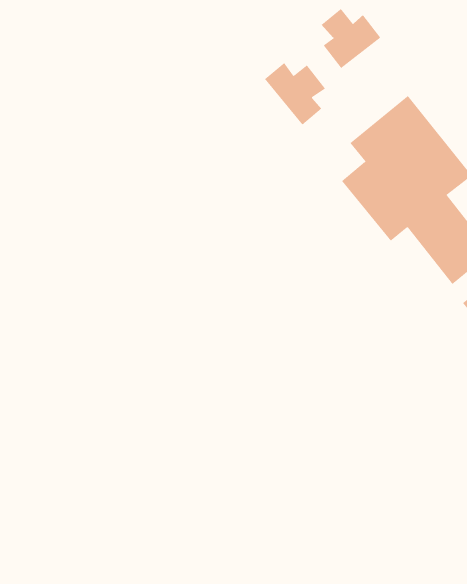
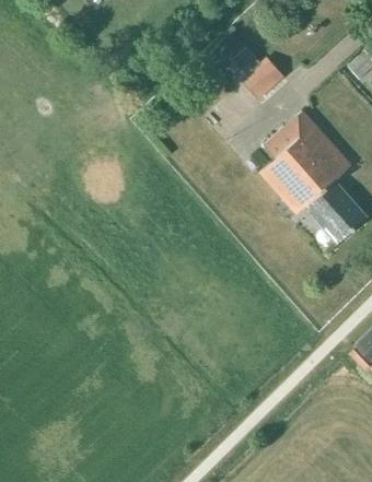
building: [264,62,326,126] -> none

